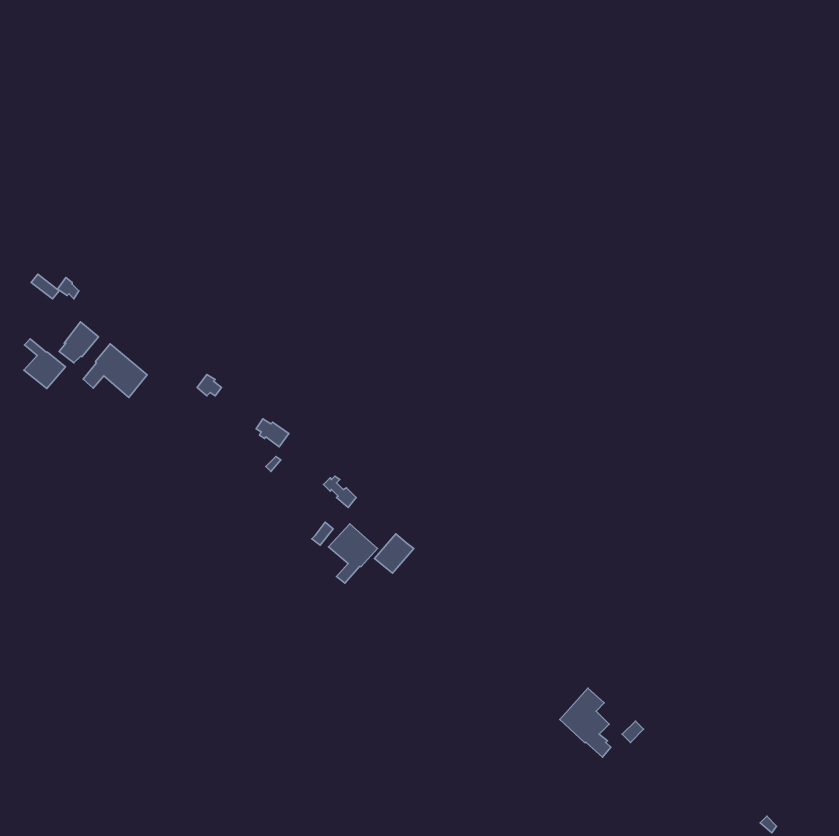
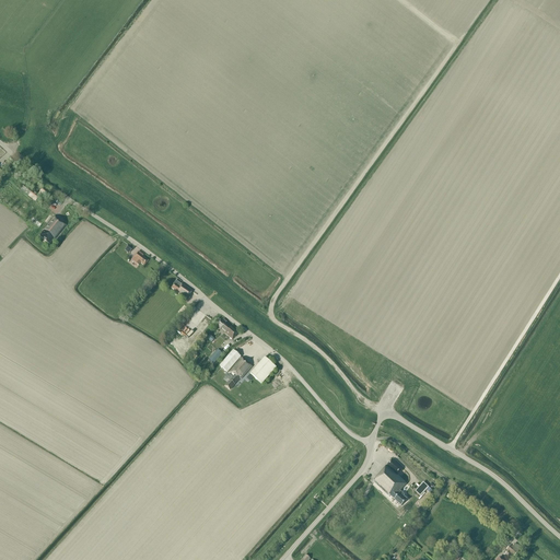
building: [24,339,65,389] -> none
building: [83,344,147,398] -> none

